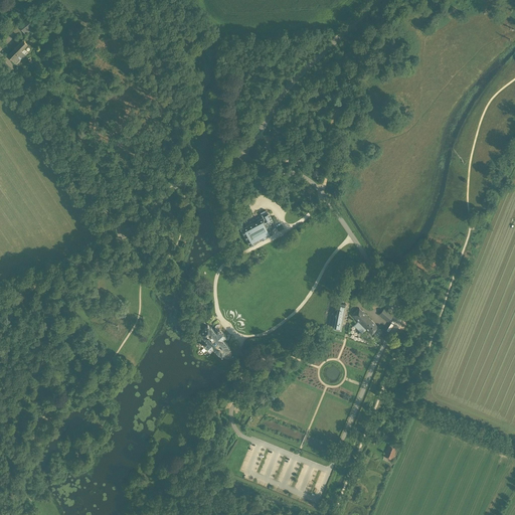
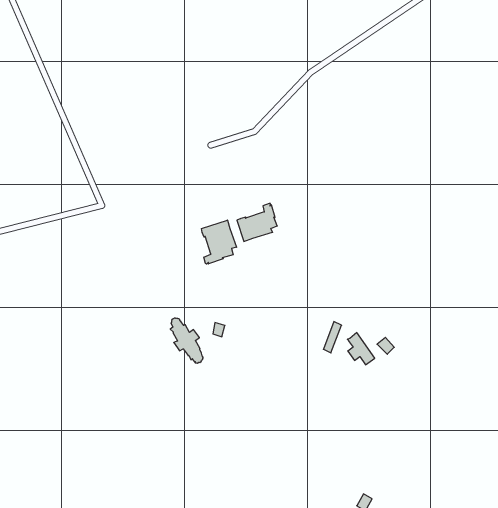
building: none -> [202,220,237,264]

